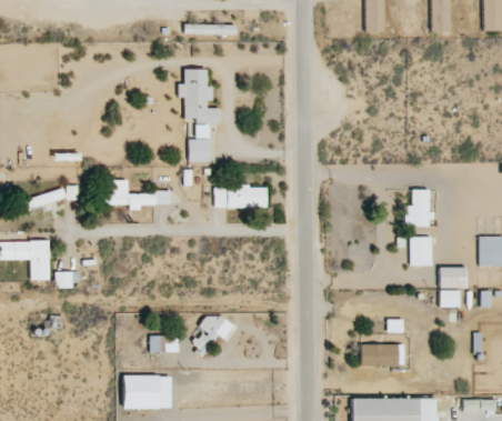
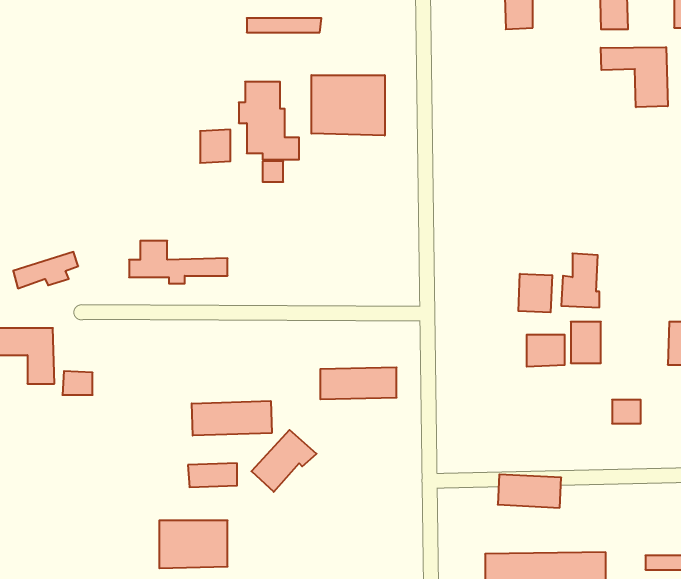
building: none -> [601,47,668,107]
building: none -> [311,75,385,136]
building: [189,139,210,162] -> [200,130,230,163]
building: [214,187,268,209] -> [320,367,397,399]
building: none -> [518,274,552,312]
building: [440,267,466,289] -> [527,335,565,367]
building: none -> [192,401,272,436]

